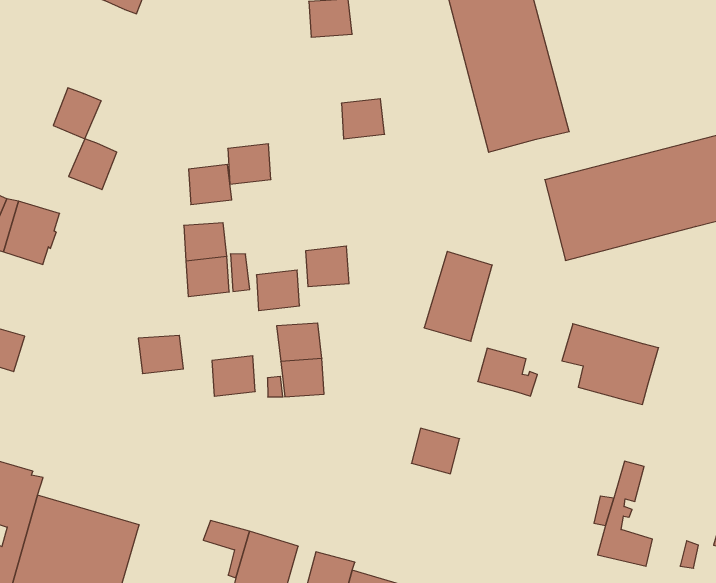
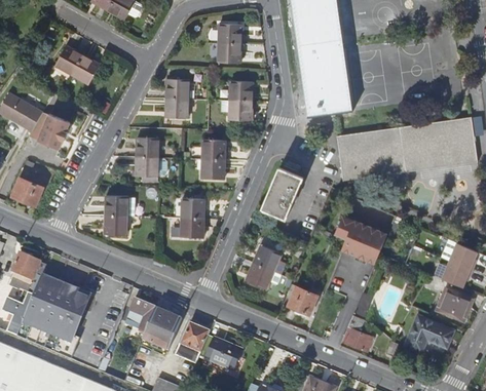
building: none -> [217,42,240,63]
building: none -> [221,100,252,120]
building: [69,139,117,190] -> [54,45,82,74]
building: [189,164,232,205] -> [165,78,188,97]
building: [256,270,300,311] -> [201,139,225,158]
building: [478,348,537,396] -> [253,244,286,273]
building: [212,356,255,396] -> [104,214,127,234]
building: none -> [287,285,316,314]

